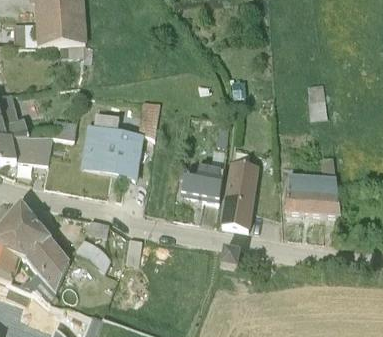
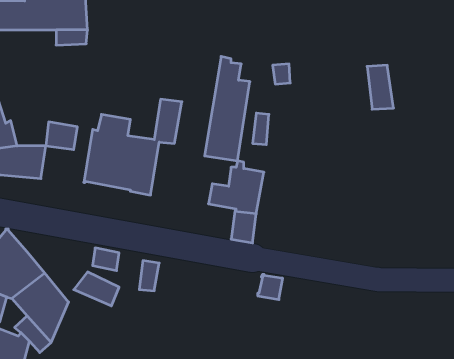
building: [222,137,258,220] -> [205,56,250,161]
building: [286,148,341,207] -> none

